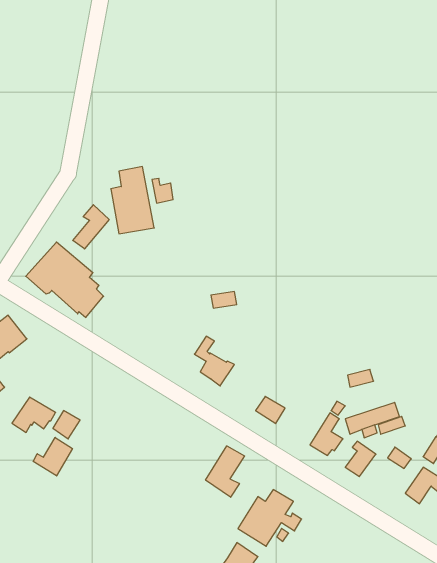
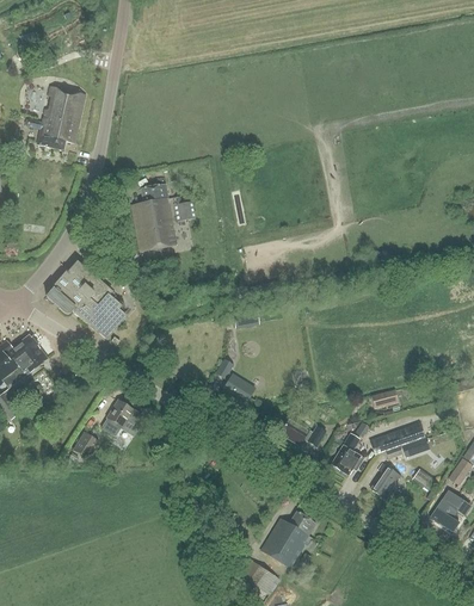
building: none -> [27,87,86,153]
building: [73,205,109,249] -> none
building: [12,397,56,432] -> [100,400,144,435]
building: [33,437,72,476] -> none
building: [206,446,245,497] -> none

